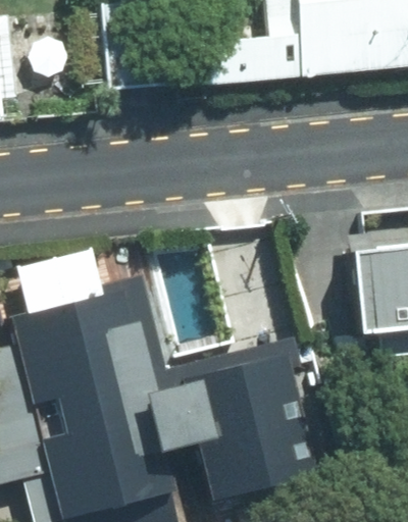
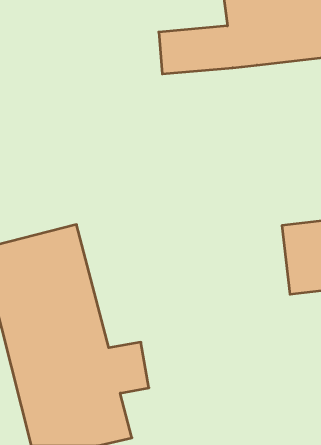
building: [188,353,316,495] -> none

